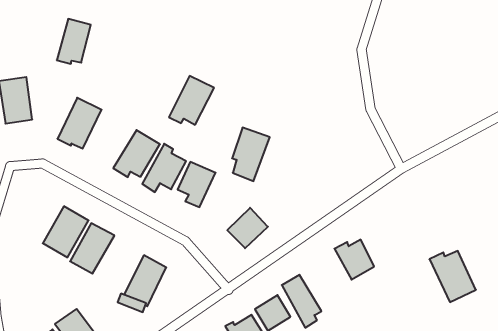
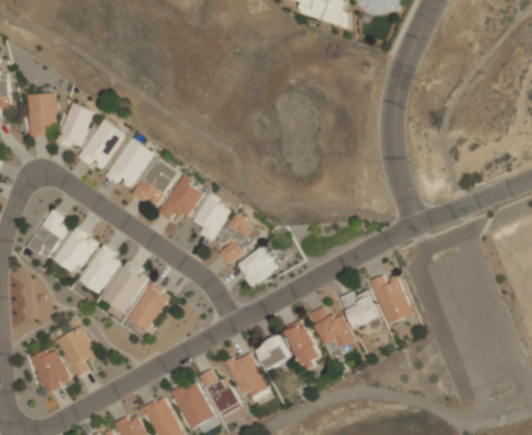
building: [57,19,91,64] -> [55,102,92,146]
building: [169,76,214,125] -> [104,137,152,186]
building: [232,128,270,181] -> [217,213,258,267]
building: none -> [27,209,68,260]
building: none -> [101,260,150,314]
building: [429,251,476,302] -> [370,274,413,324]
building: none -> [309,305,356,357]

